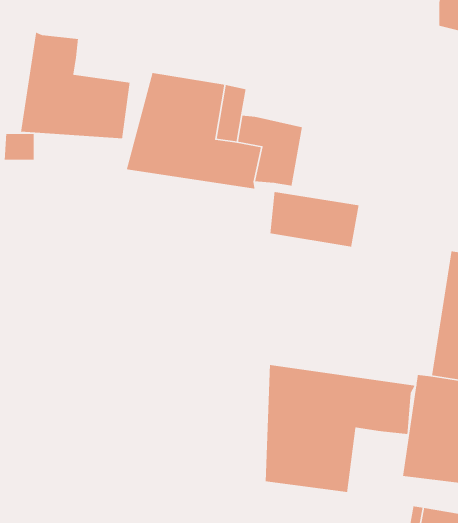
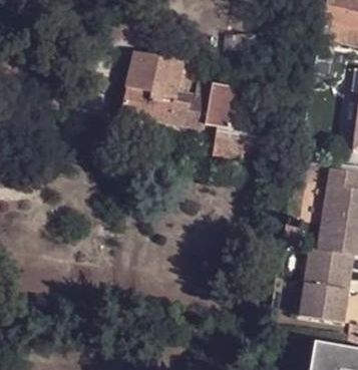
building: [20,31,130,139] -> none
building: [265,364,416,493] -> none

